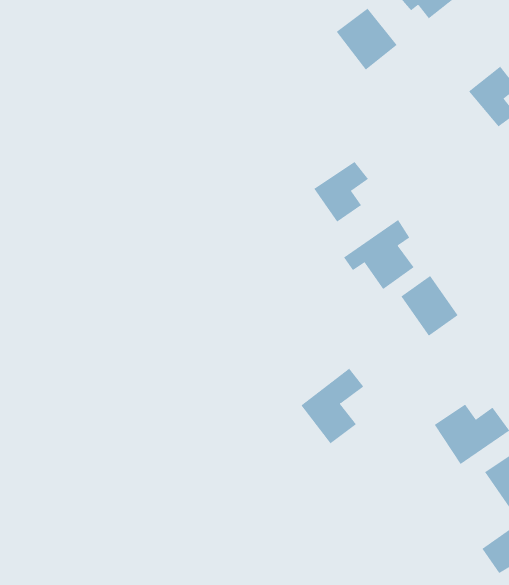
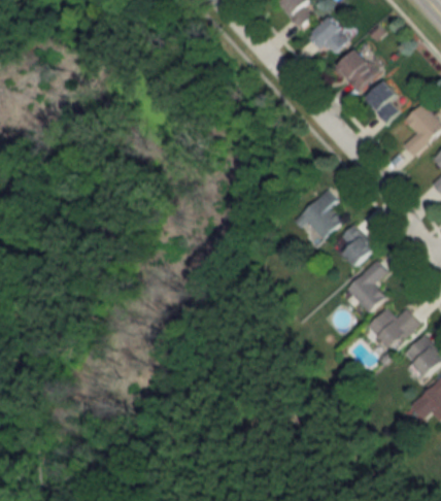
building: [336,8,398,71] -> [335,48,377,91]
building: [313,161,369,223] -> none
building: [300,368,364,444] -> [346,260,387,312]

